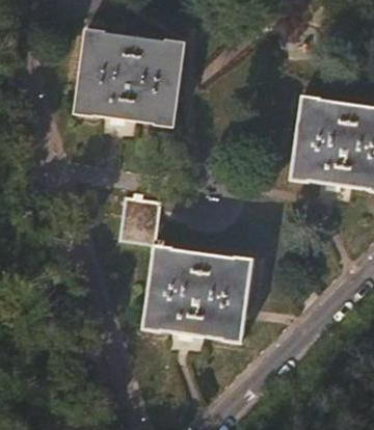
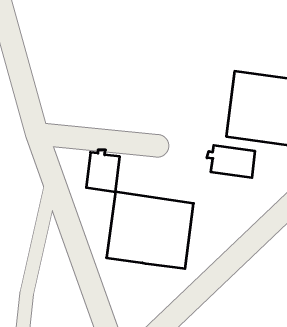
building: [75,30,184,125] -> none
building: none -> [207,145,255,178]

